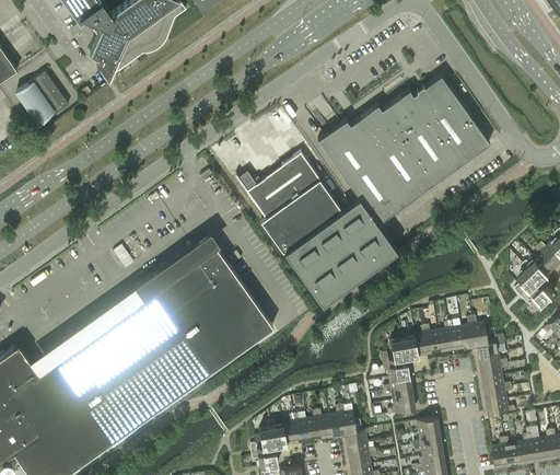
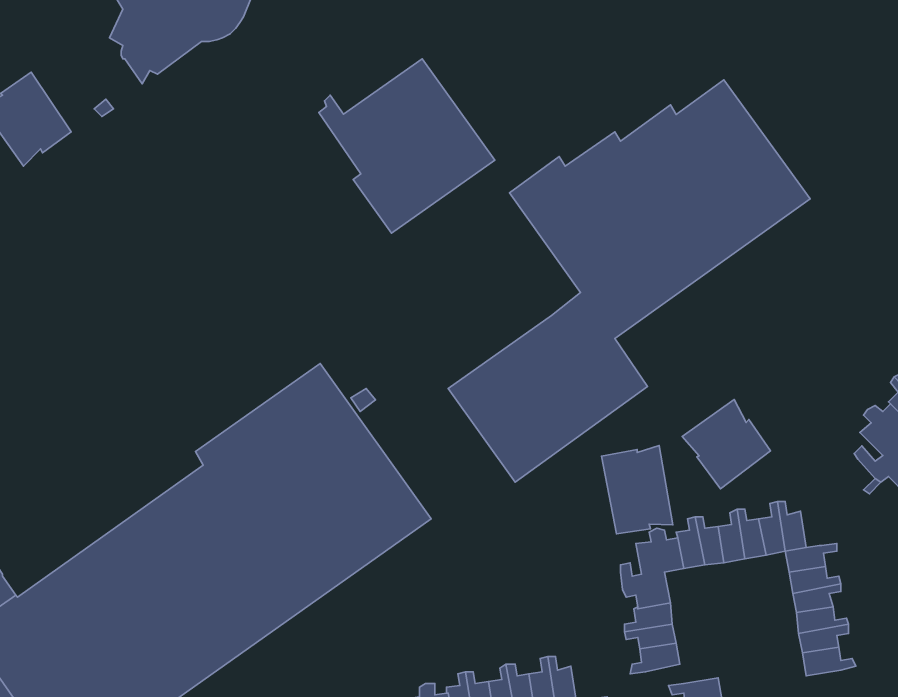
building: [241,154,341,254] -> [319,59,495,233]
building: none -> [682,399,771,489]
building: none -> [602,445,673,534]

